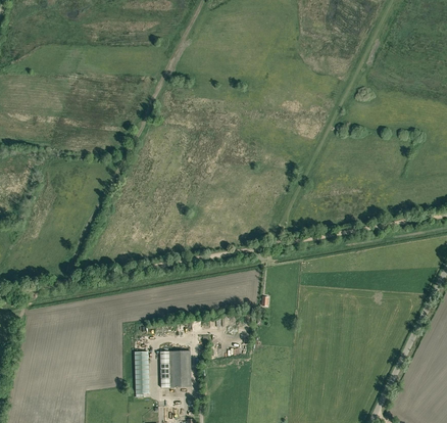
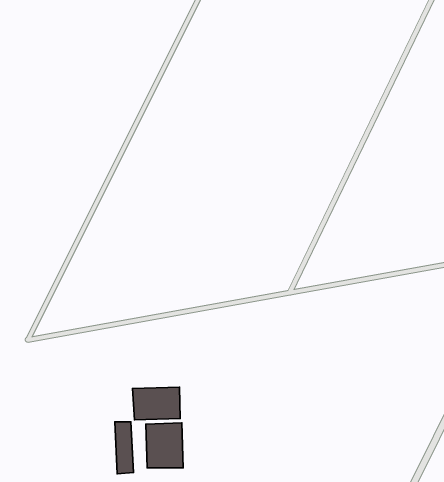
building: none -> [133,387,180,420]

